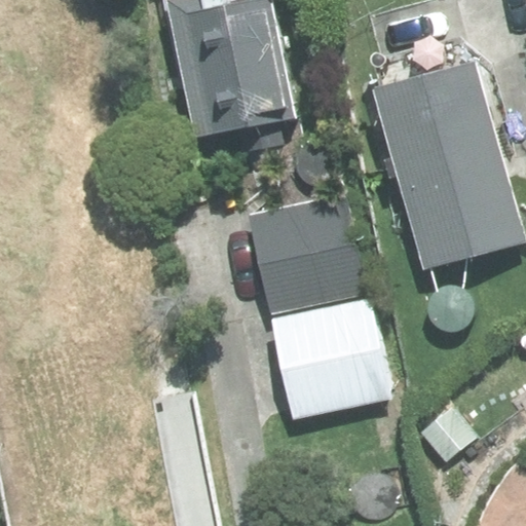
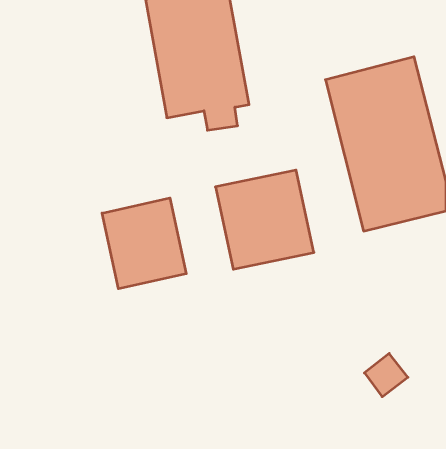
building: none -> [102,198,186,289]
building: [268,301,388,418] -> none

